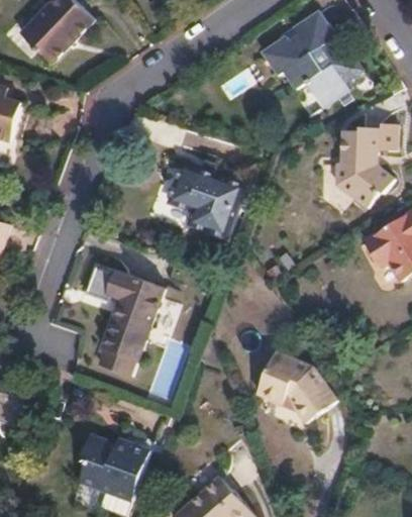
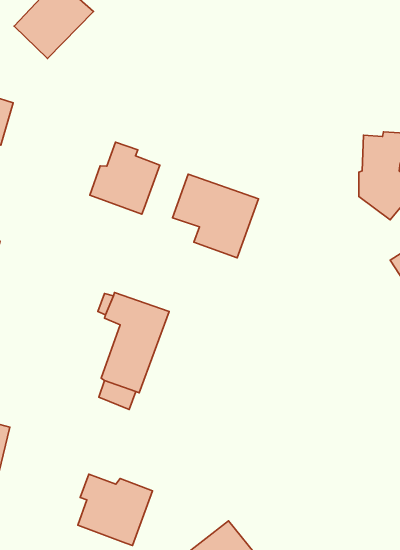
building: [260,14,359,108] -> none
building: none -> [90,142,160,214]
building: [260,350,334,421] -> none

